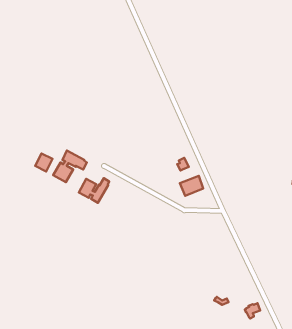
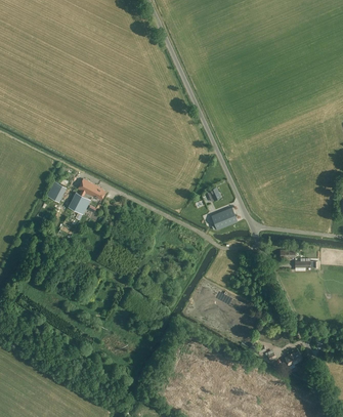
building: [79,178,109,203] -> none

